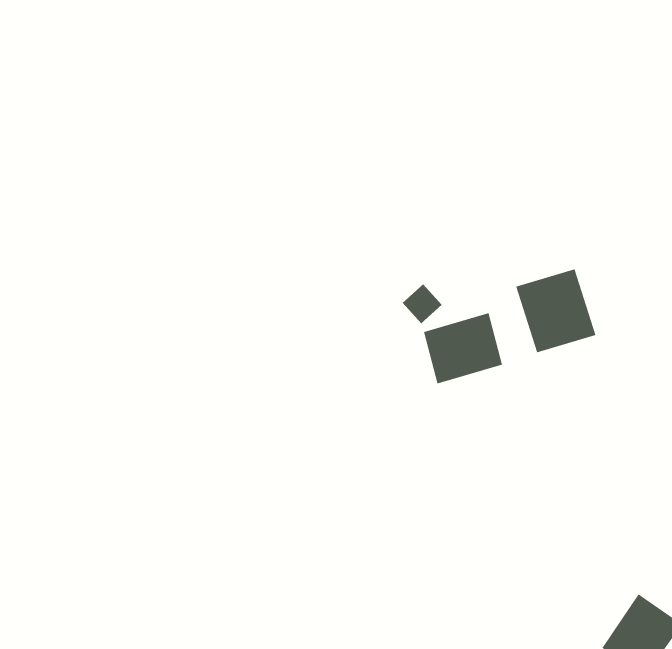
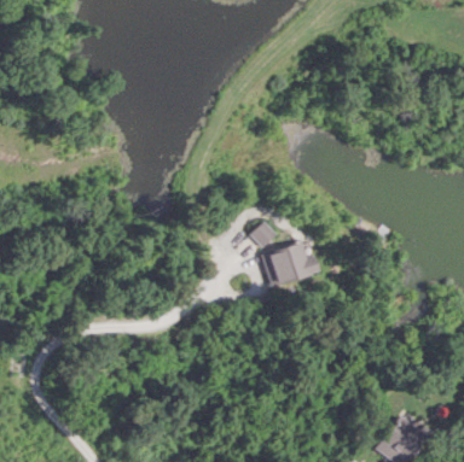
building: [515,269,596,353] -> none

